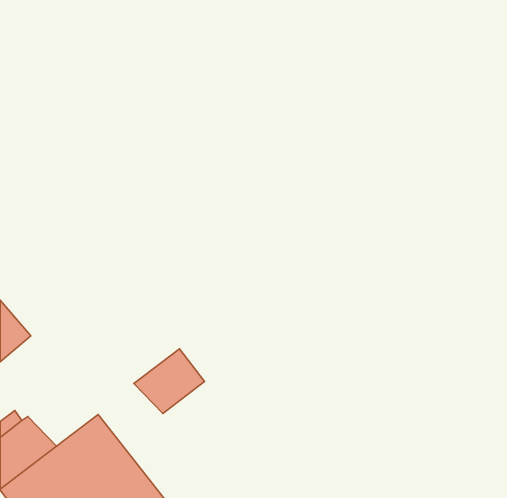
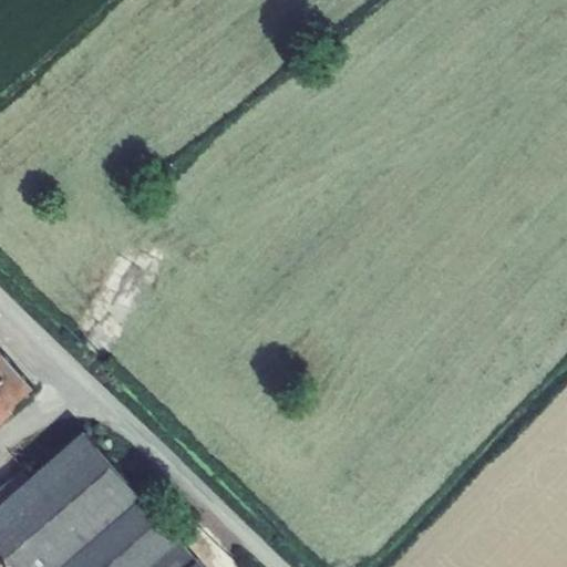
building: [134,349,204,413] -> [31,436,110,508]

